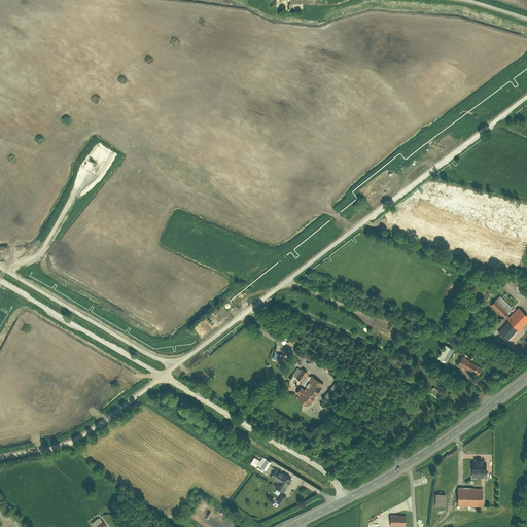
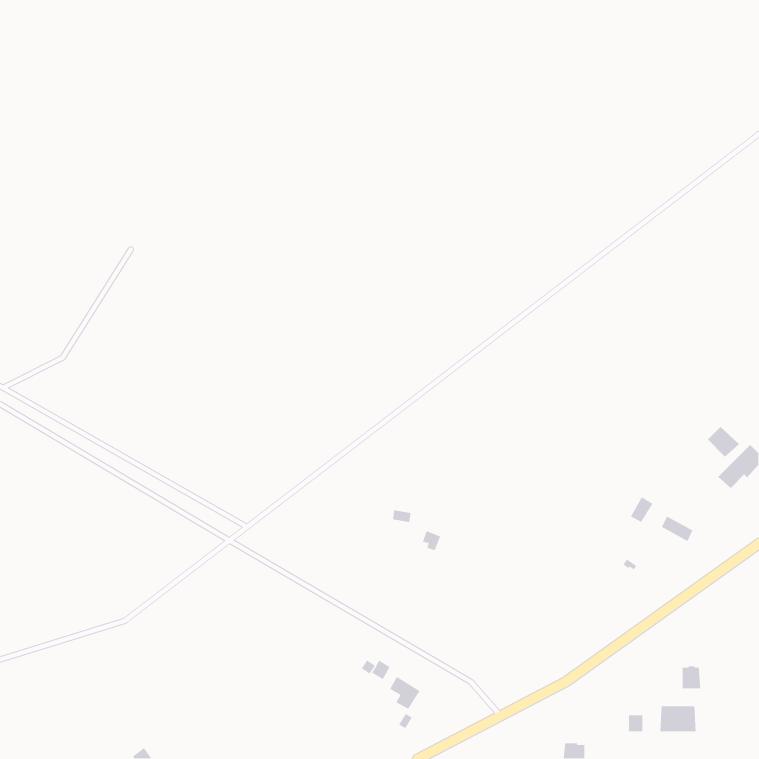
building: [295,377,324,407] -> none

